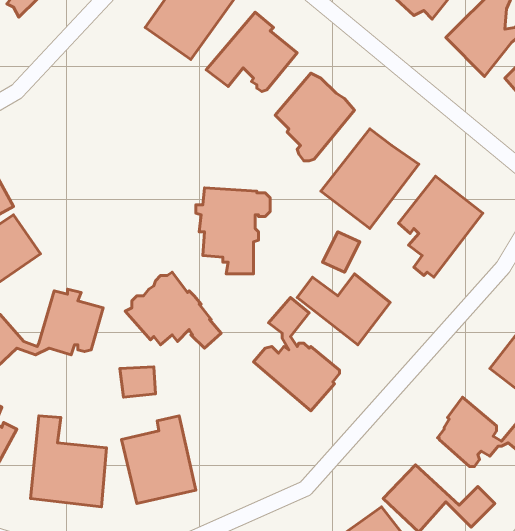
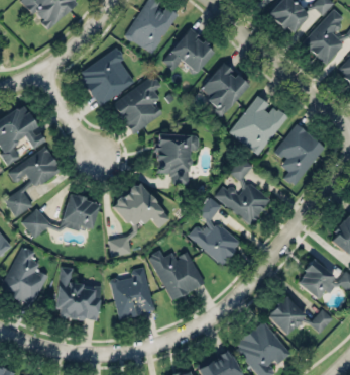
building: none -> [80,46,134,104]
building: none -> [112,77,162,135]
building: none -> [148,249,204,300]

